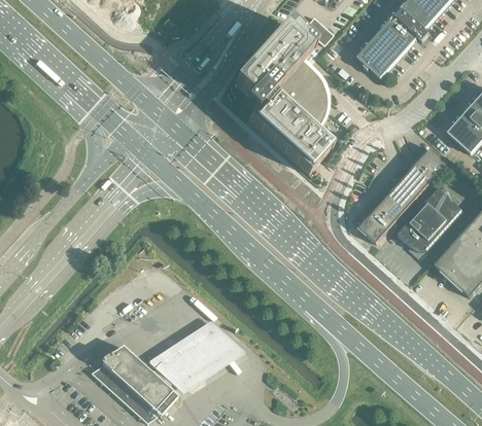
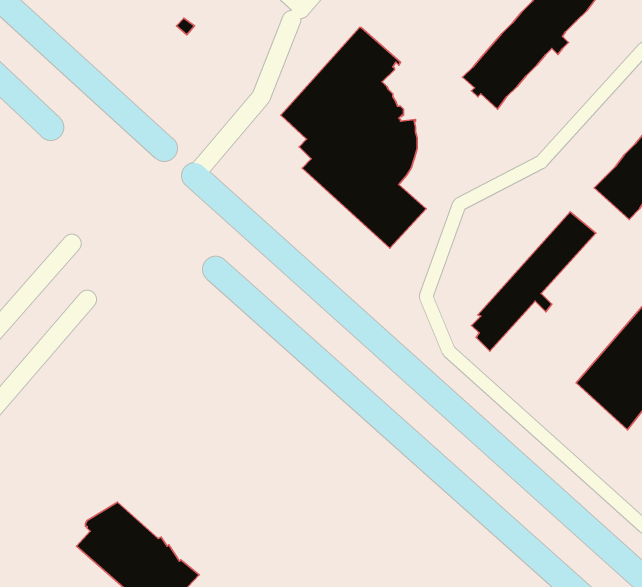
building: [304,15,334,43] -> none
building: [399,187,462,250] -> none
building: [146,319,250,395] -> none

